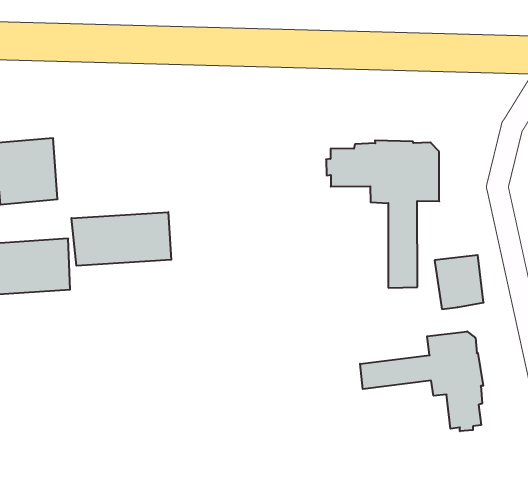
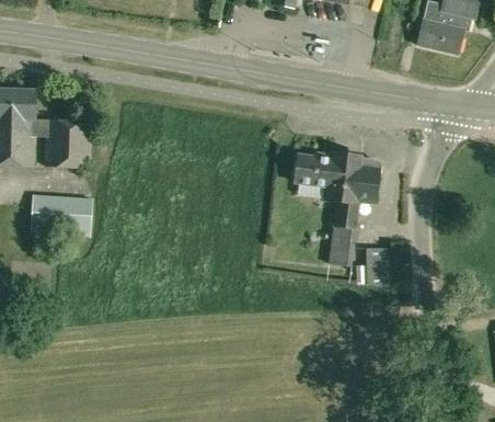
building: [71,212,171,266] -> none
building: [360,331,483,431] -> none

